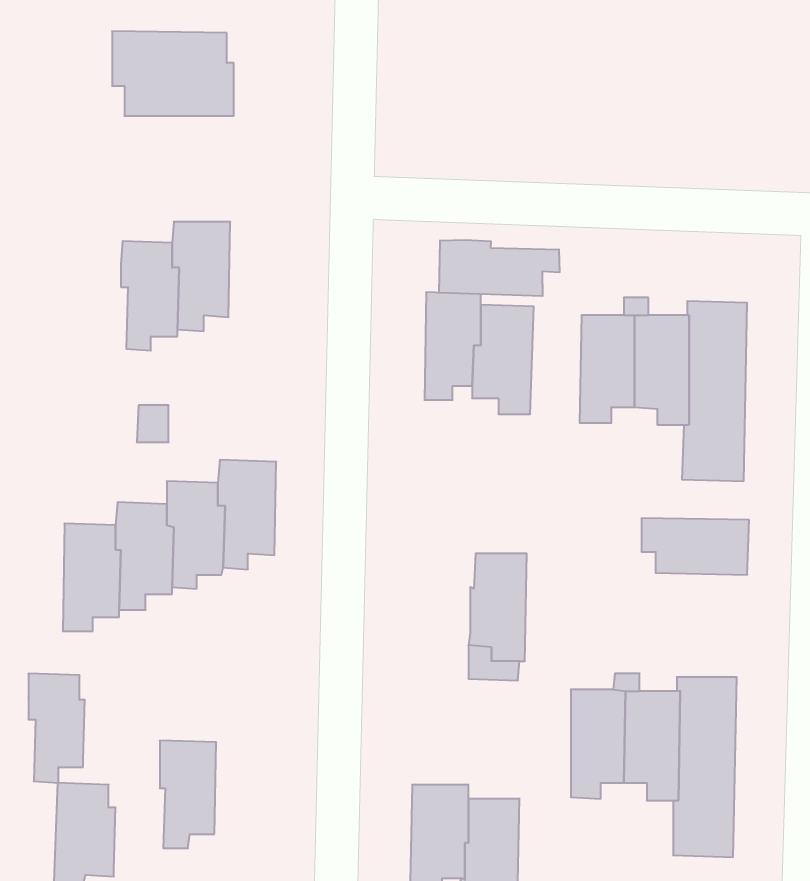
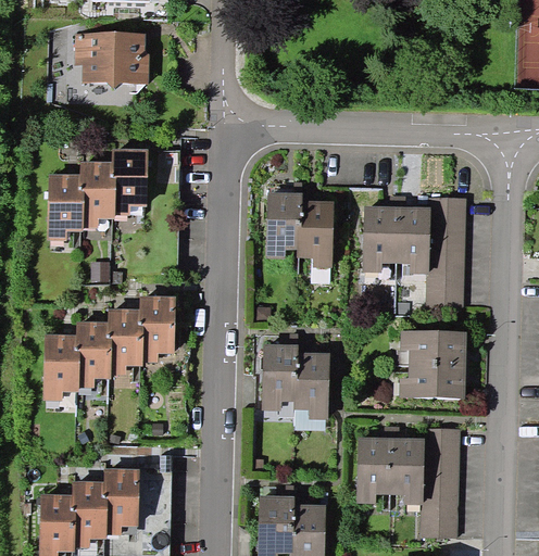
building: [439,240,560,296] -> none
building: none -> [47,175,84,241]
building: none -> [261,344,298,412]
building: none -> [399,365,465,399]
building: [28,674,85,783] -> [72,481,106,548]

